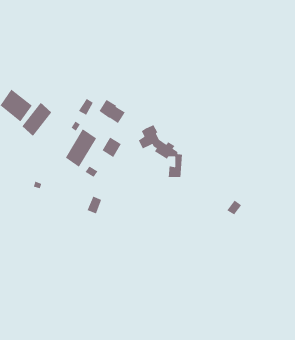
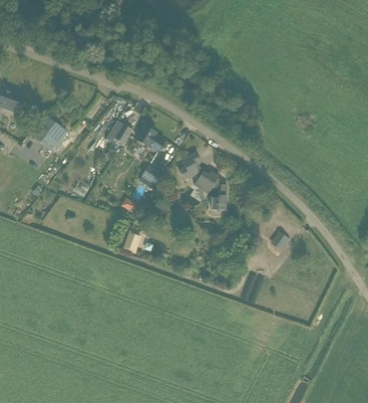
building: [21,102,52,137] -> none
building: [65,128,97,168] -> none

